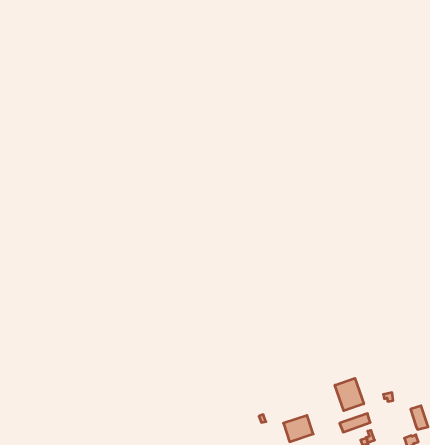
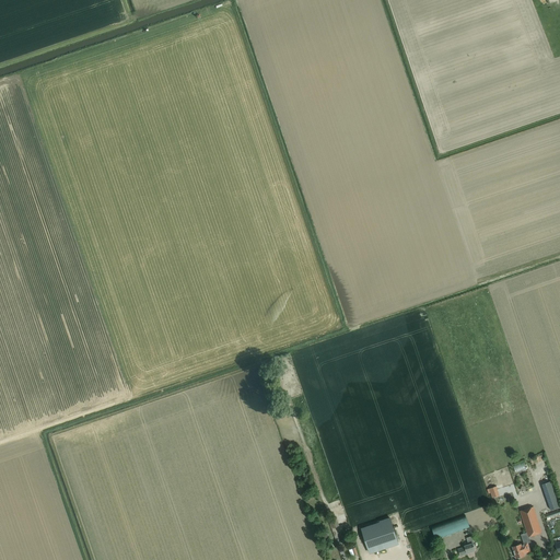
building: [335,378,364,411] -> none

